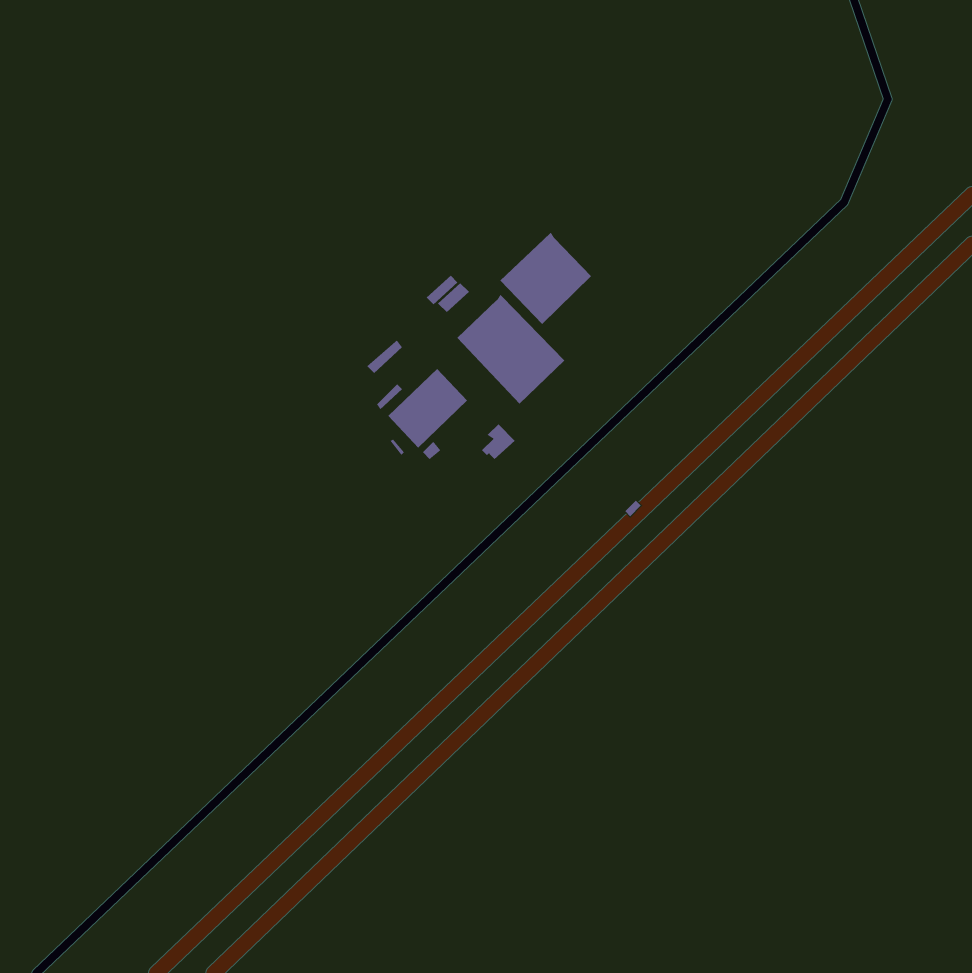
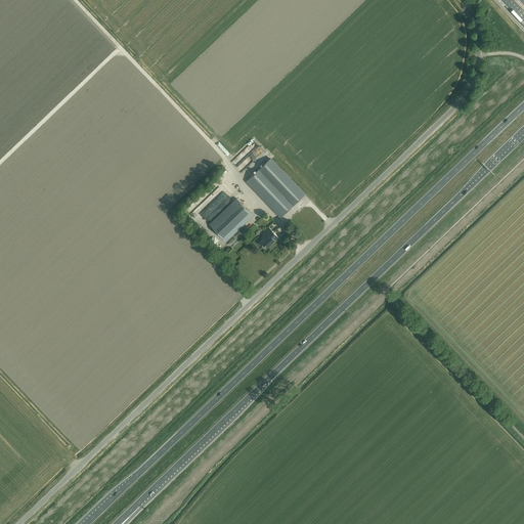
building: [499,232,592,325] -> none

